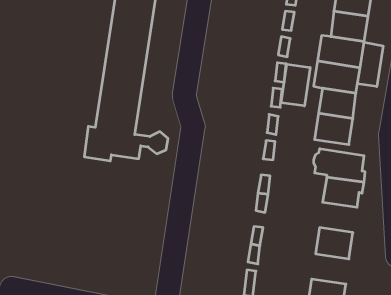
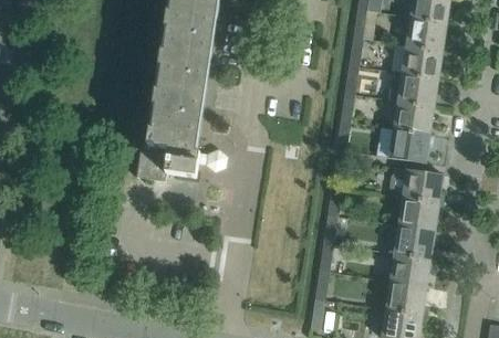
building: [357,42,383,87] -> none
building: [281,64,310,106] -> none
building: none -> [394,226,435,260]
building: none -> [385,283,426,316]

